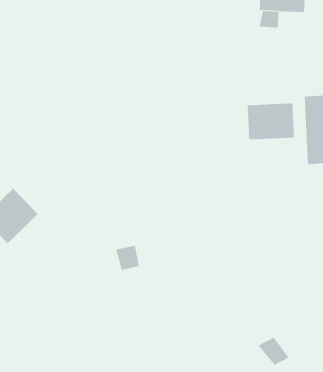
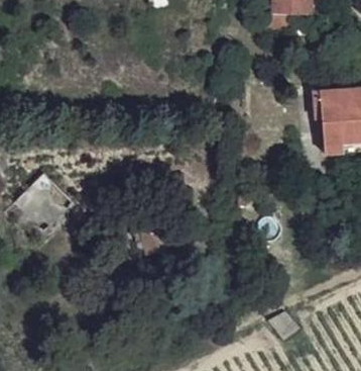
building: [247,102,294,140] -> none

